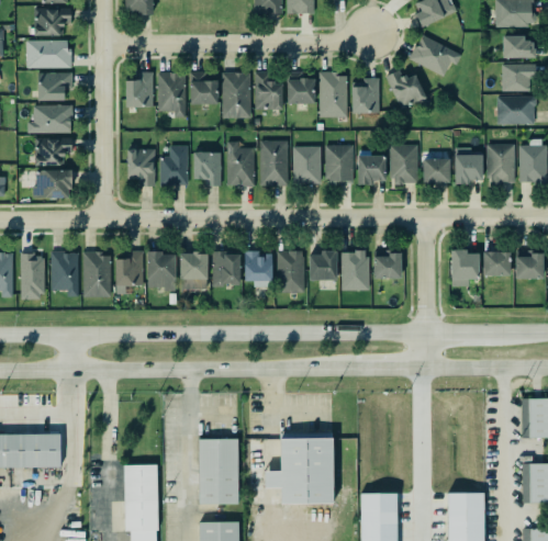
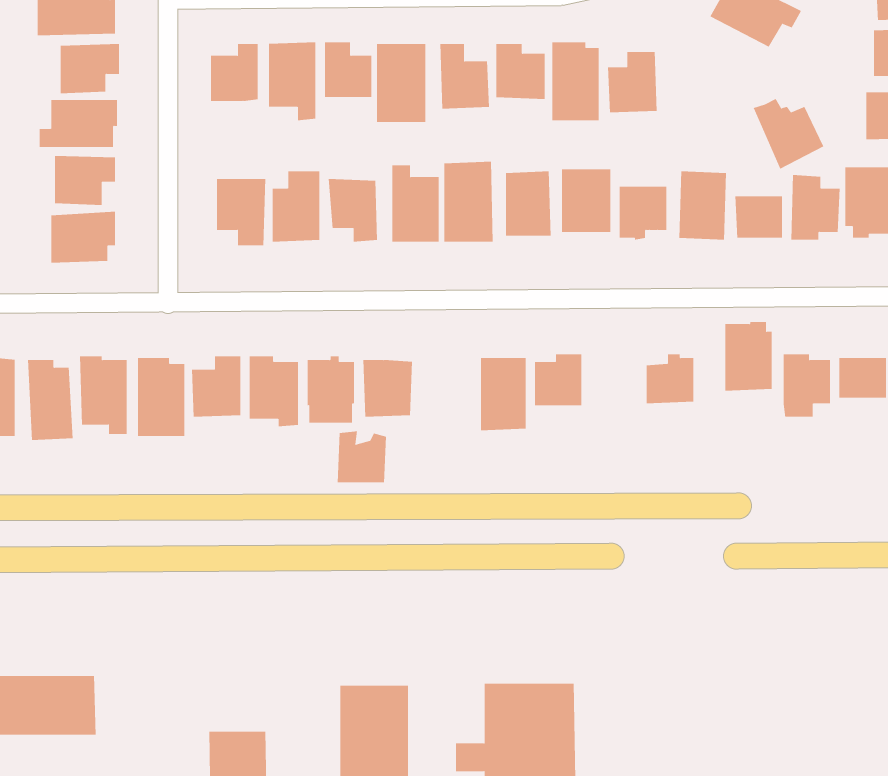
building: [385,69,426,110] -> [753,98,824,170]
building: [245,250,273,280] -> [337,431,387,483]
building: [342,250,369,290] -> [724,322,773,391]

